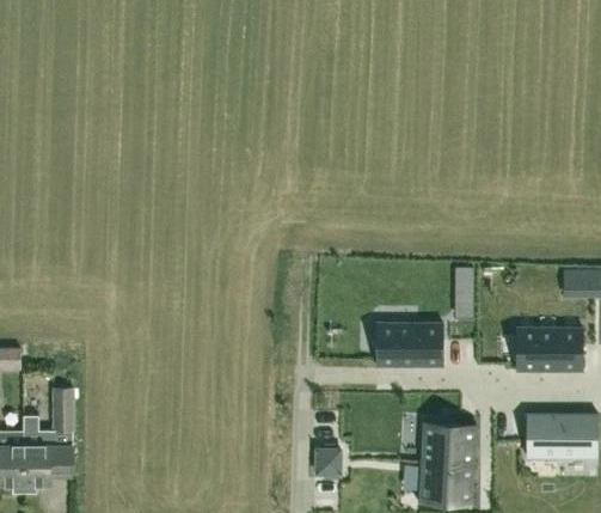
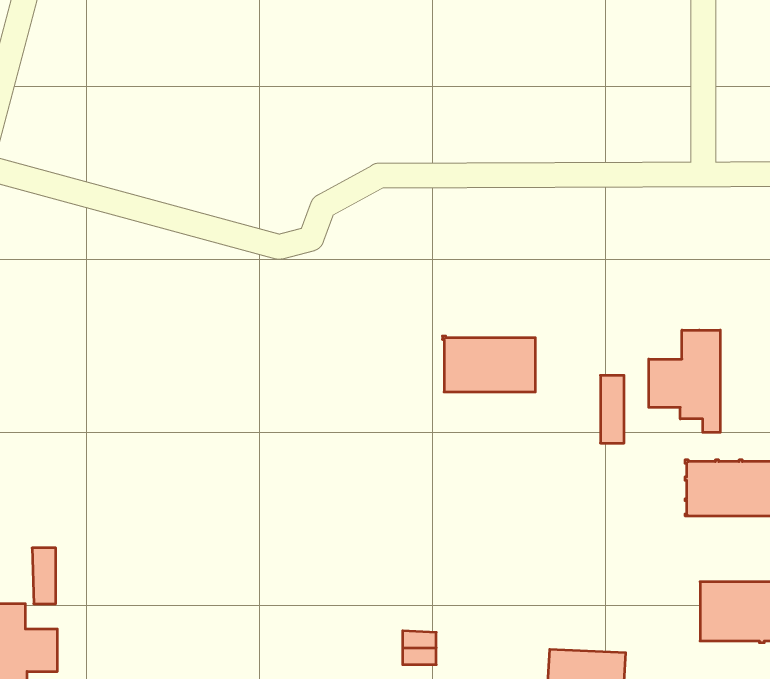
building: none -> [649,330,720,432]
building: [376,324,442,364] -> [442,336,535,392]
building: [421,422,476,465] -> none

